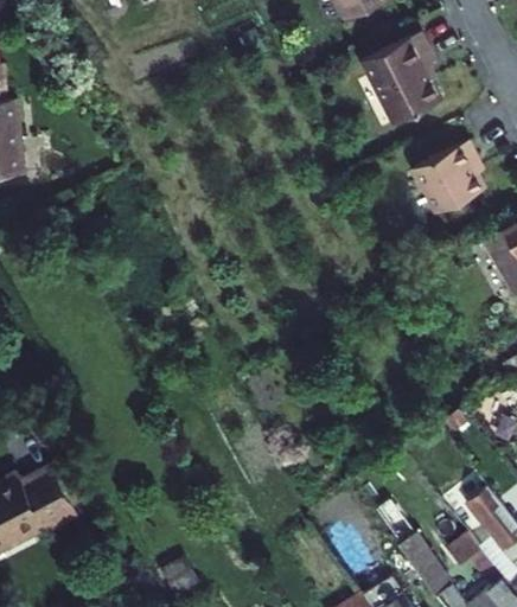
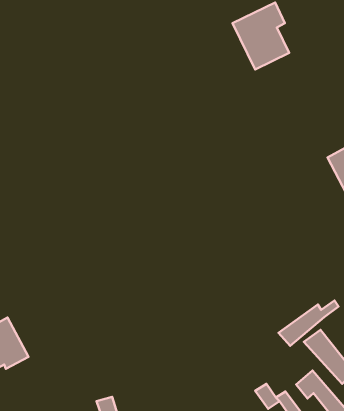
building: [408,139,477,211] -> none
building: none -> [279,300,339,346]

